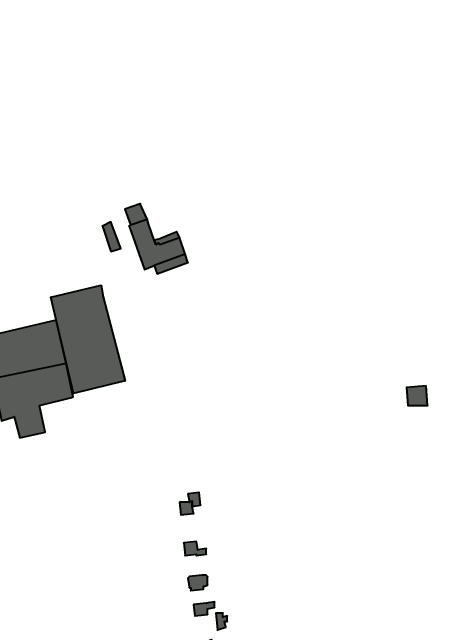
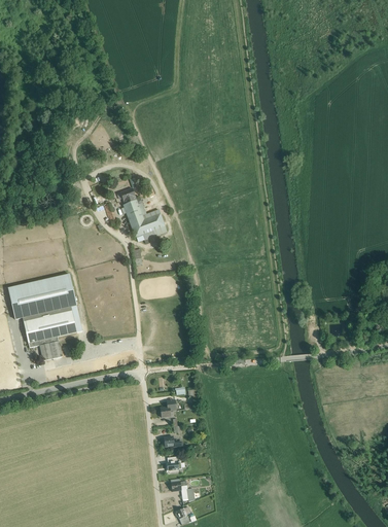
building: [51,285,125,393] -> none

